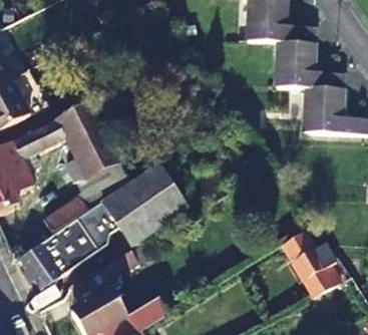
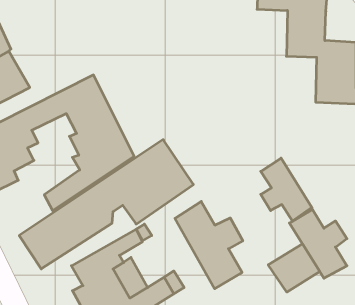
building: none -> [261,158,312,221]
building: none -> [175,201,243,289]
building: none -> [268,244,320,292]

